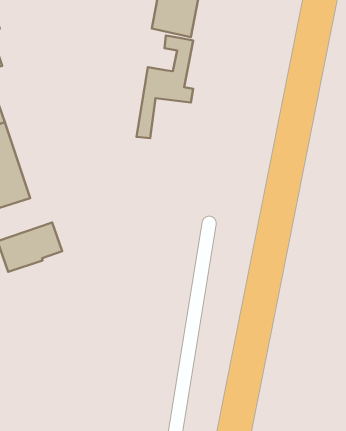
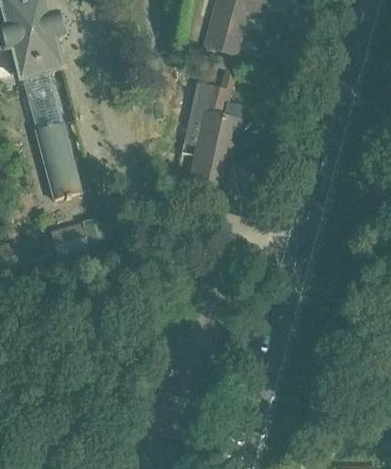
building: none -> [186,109,234,200]

